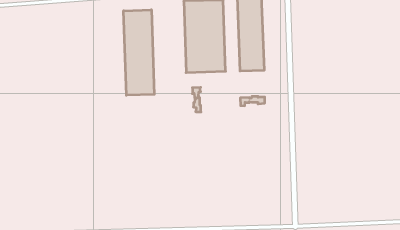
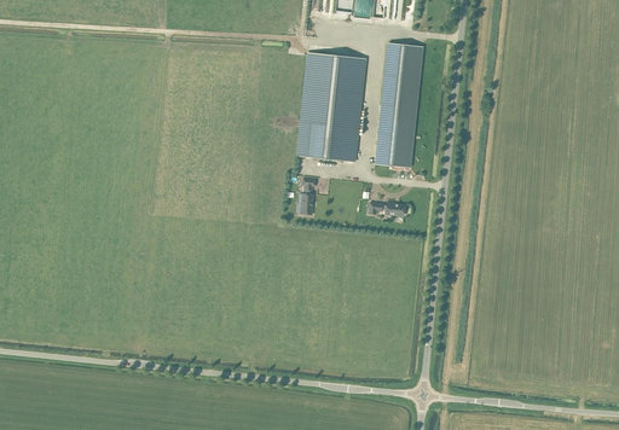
building: [124,10,154,95] -> none

